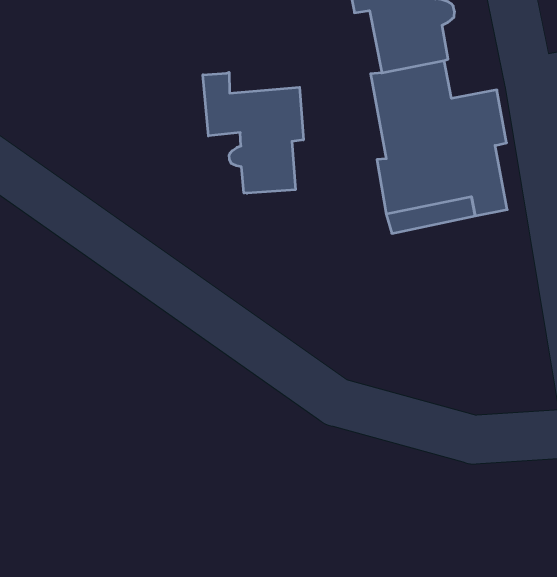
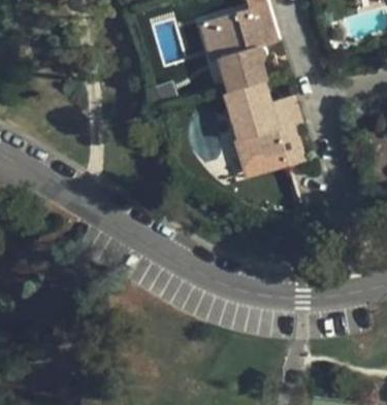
building: [203,72,303,193] -> none

